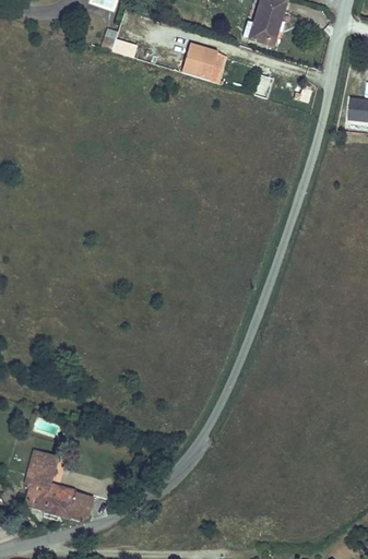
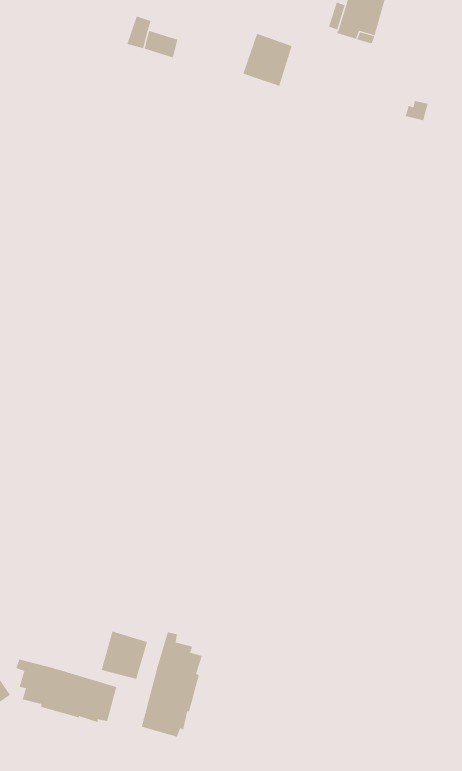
building: [26,450,59,484] -> [101,631,148,679]
building: none -> [141,632,202,737]

